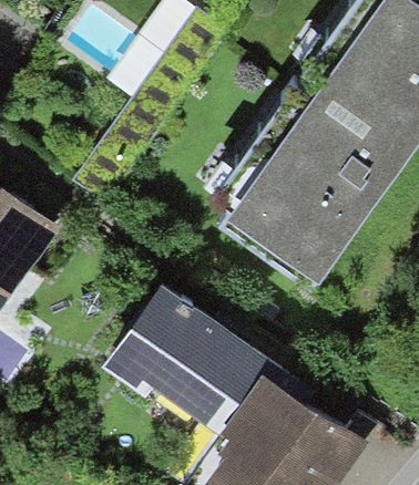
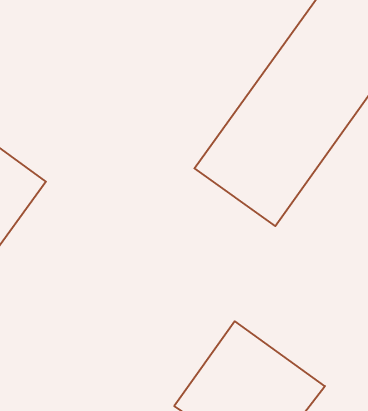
building: [105,287,275,445] -> none

